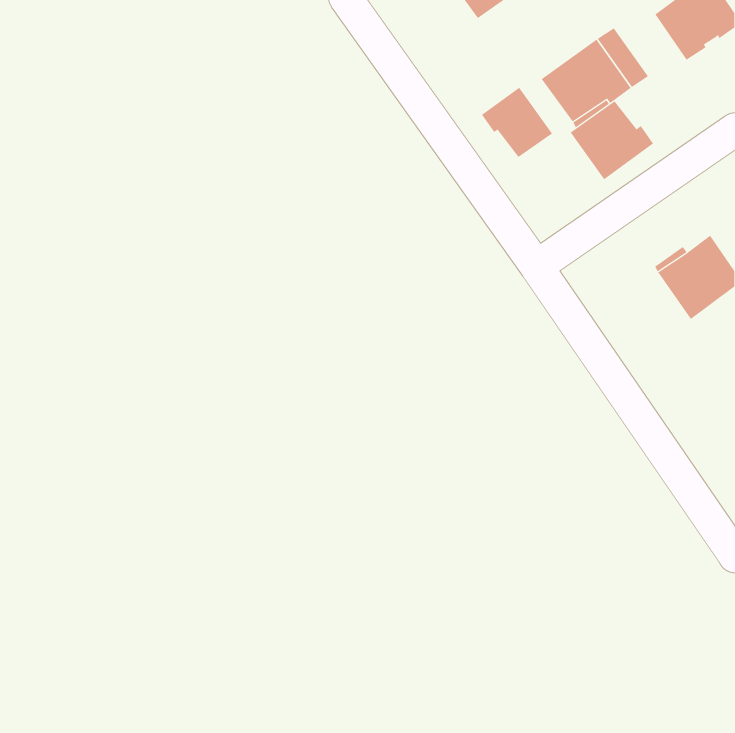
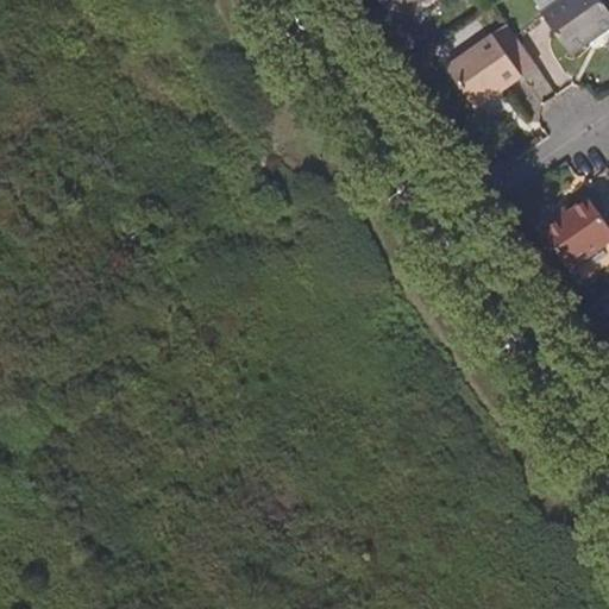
building: [481,87,553,158] -> none
building: [570,100,654,180] -> none

